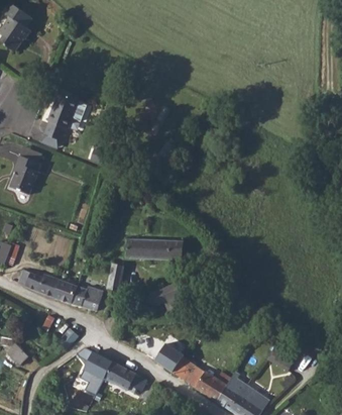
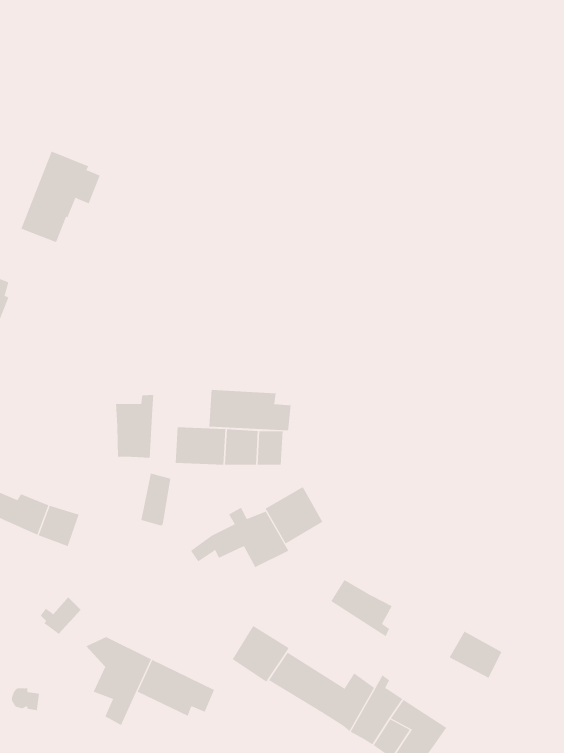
building: none -> [209,389,291,431]
building: none -> [115,394,154,458]
building: none -> [265,486,323,544]
building: [69,285,102,310] -> none
building: none -> [331,579,393,637]

